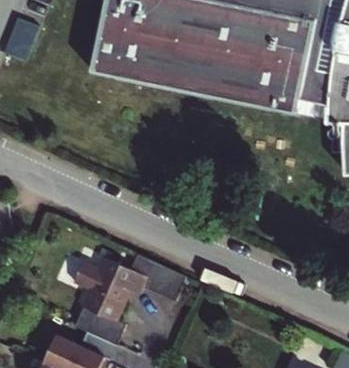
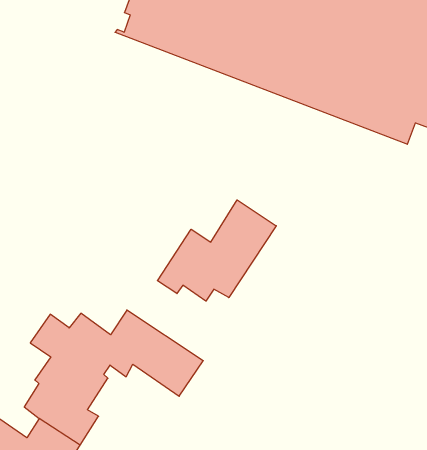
building: none -> [157,200,276,301]

